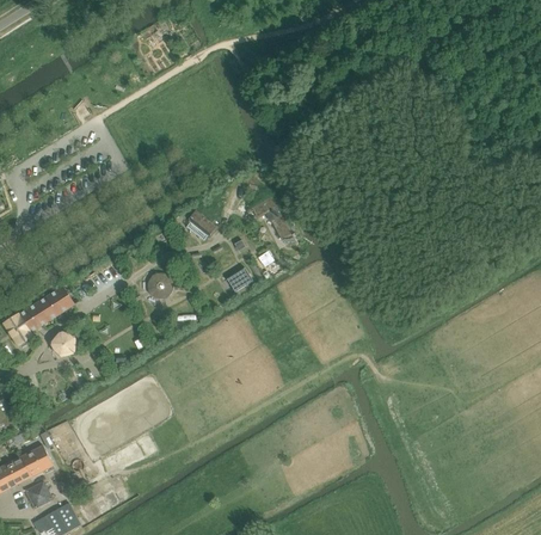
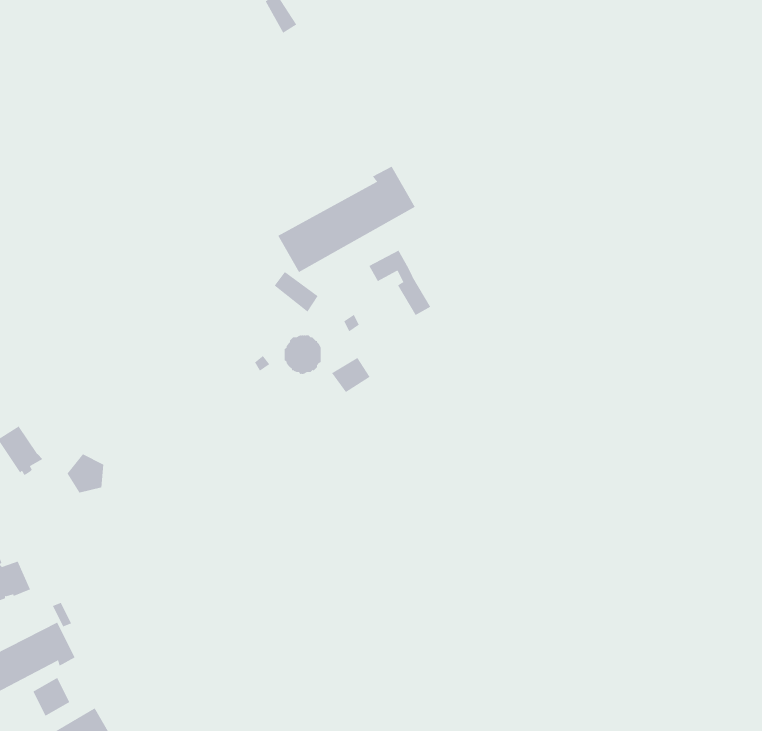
building: none -> [278,166,416,273]
building: [147,272,172,299] -> [284,335,321,374]
building: [18,285,74,332] -> none

